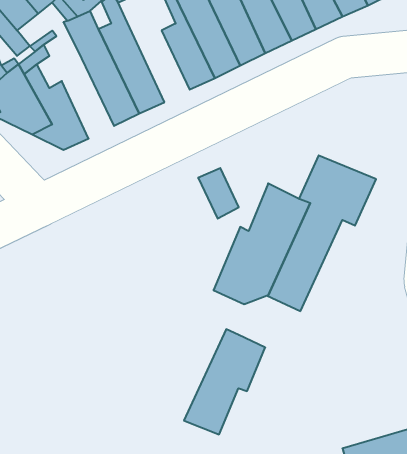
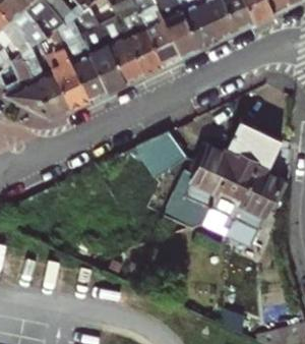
building: none -> [98,18,144,84]
building: none -> [48,53,89,111]
building: [184,329,265,434] -> [225,170,284,246]

